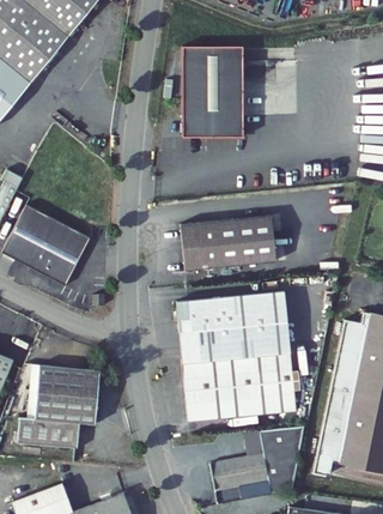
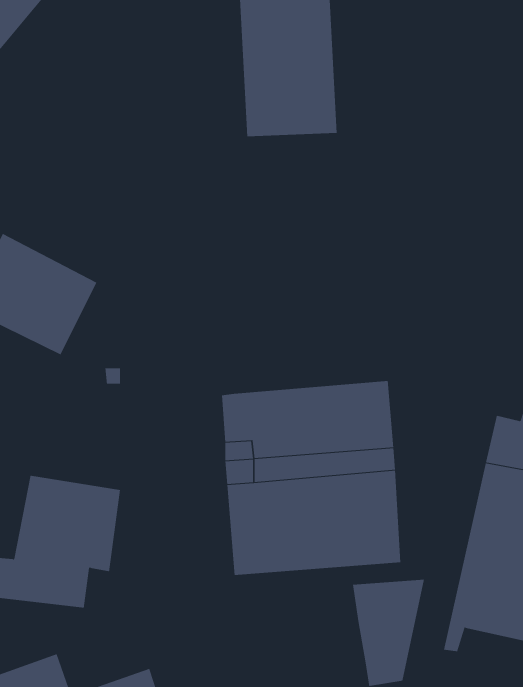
building: [175,226,270,278] -> none
building: [208,458,266,494] -> none

